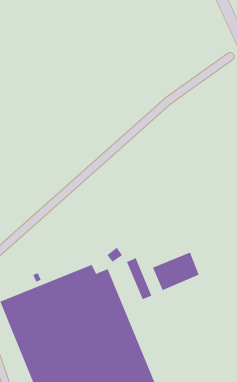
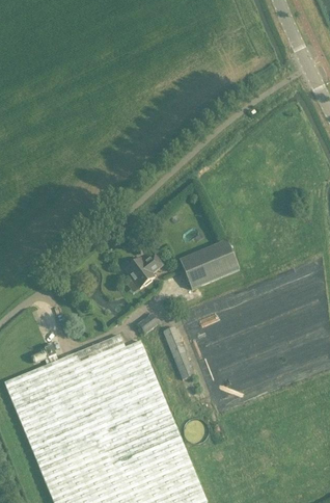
building: none -> [126,255,162,288]
building: [152,252,200,291] -> [181,240,240,289]

